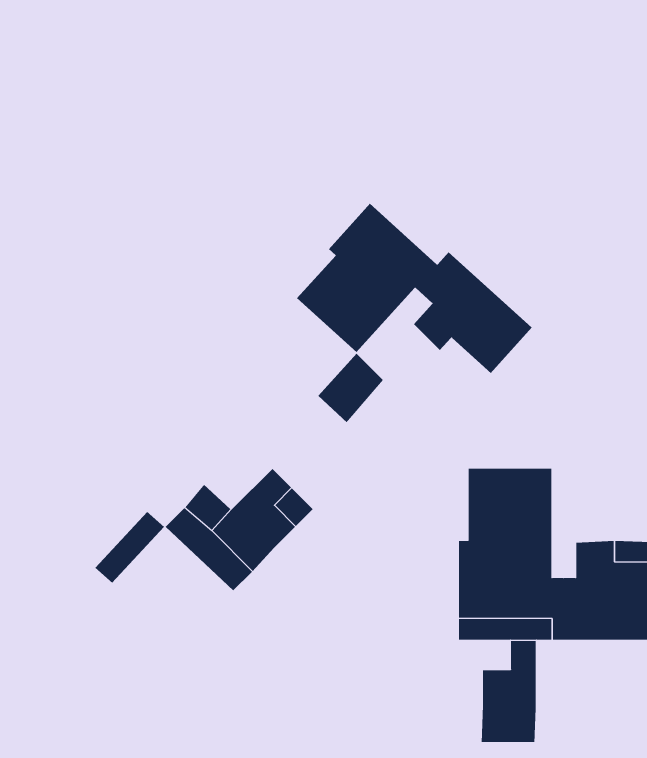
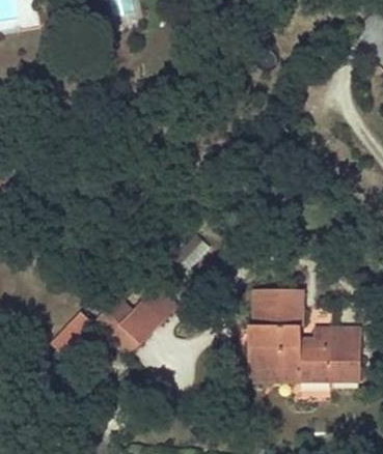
building: [296,203,533,374] -> none
building: [481,640,536,743] -> none

